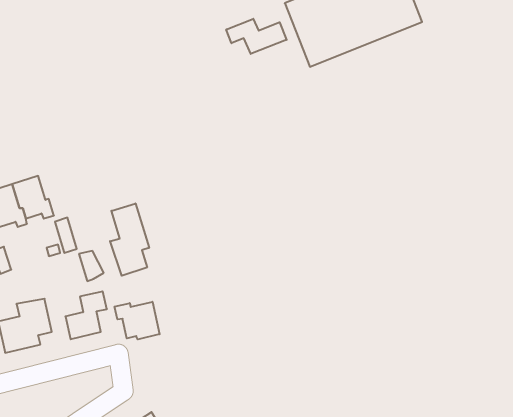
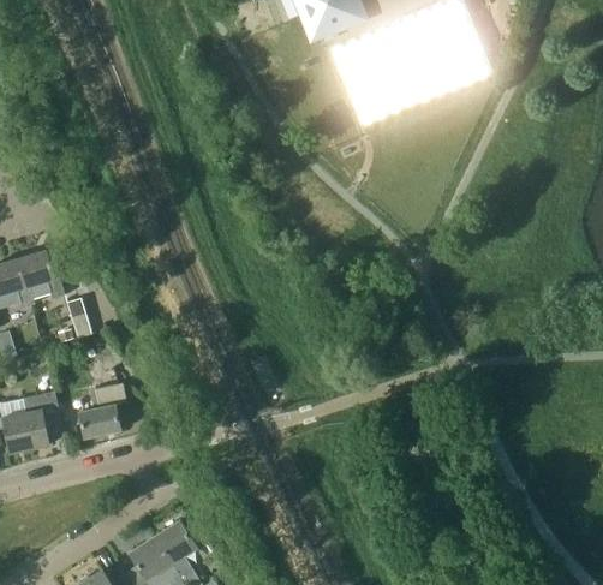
building: [226,19,287,54] -> none
building: [110,203,149,276] -> none
building: [115,302,160,339] -> none

